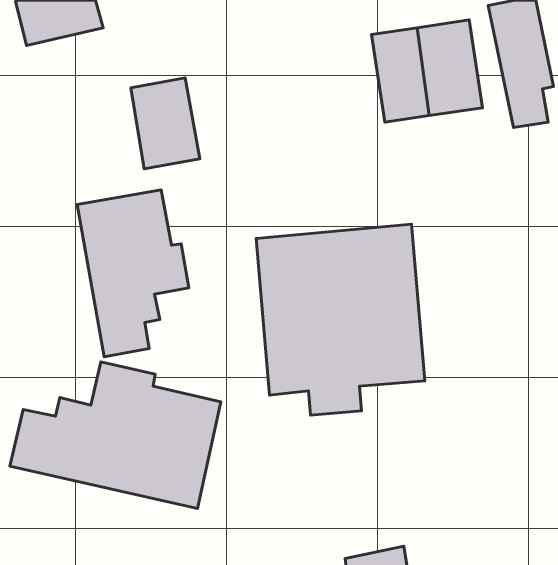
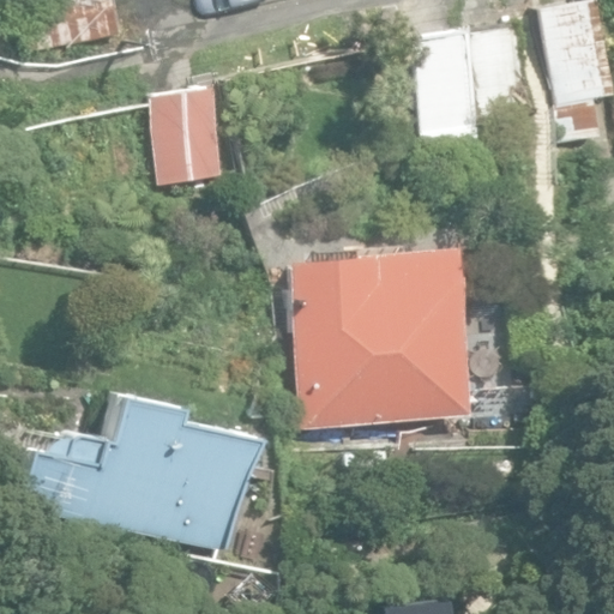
building: [77,190,189,357] -> none

